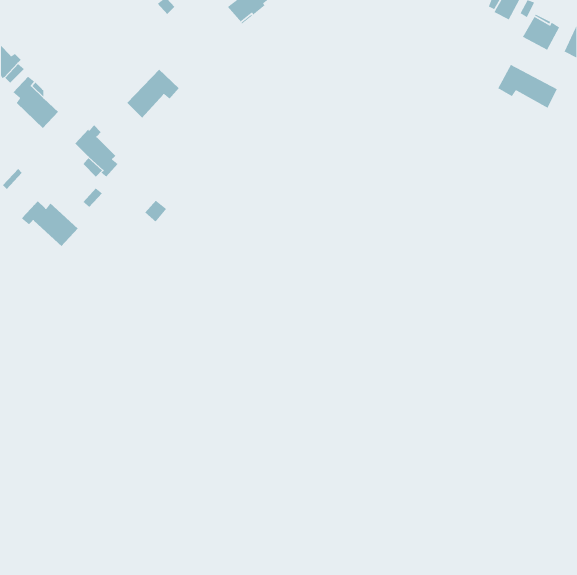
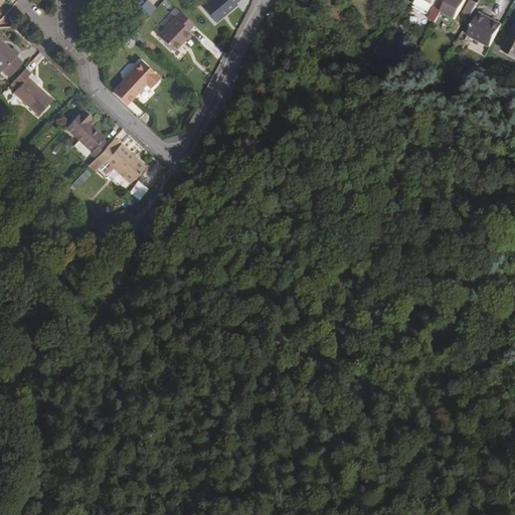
building: none -> [158,12,193,51]
building: [497,64,558,109] -> none
building: [21,200,78,247] -> [94,143,145,184]

